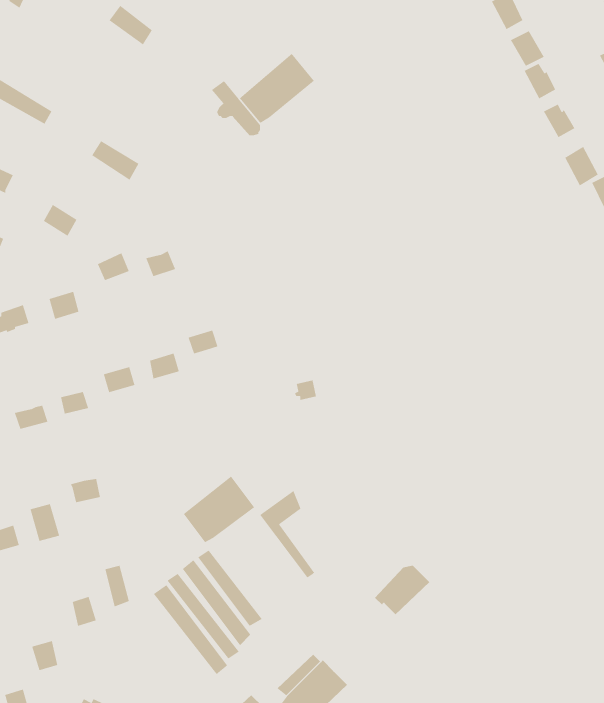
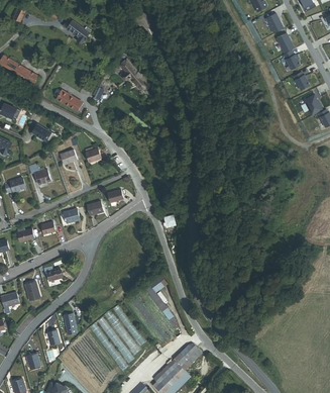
building: [239,53,315,124] -> none
building: [183,476,255,543] -> none
building: [374,565,430,615] -> [173,342,202,369]

